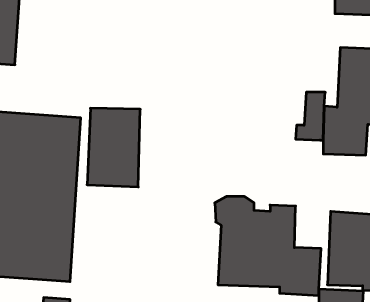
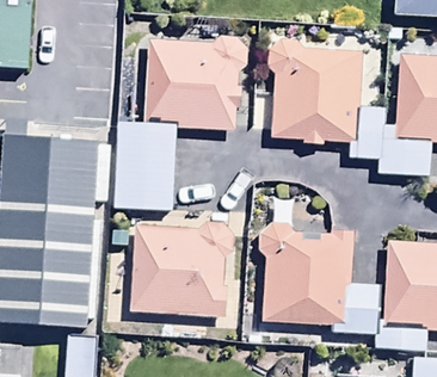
building: none -> [266,37,355,143]
building: none -> [143,39,244,131]
building: none -> [130,224,232,315]

